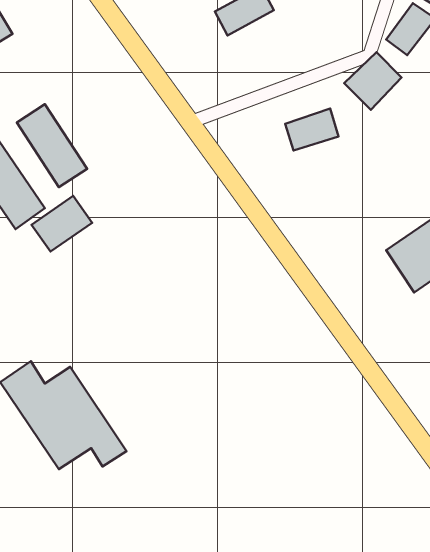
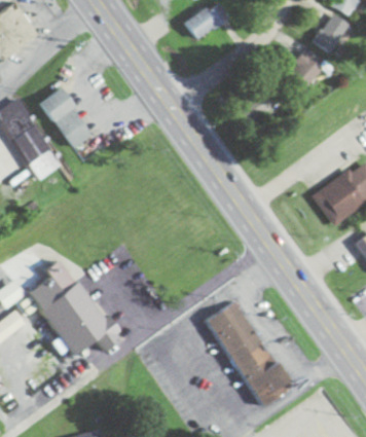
building: [31,196,92,252] -> none
building: none -> [207,301,289,406]

